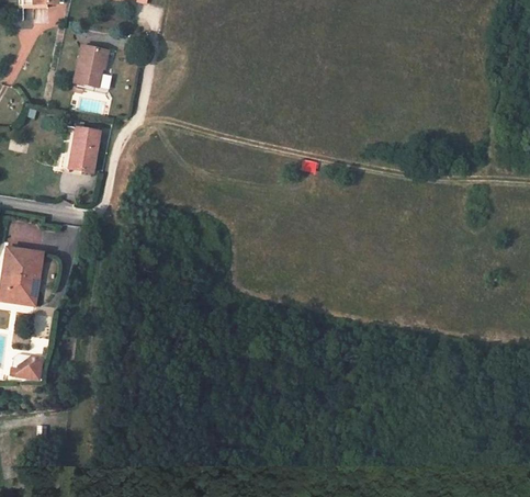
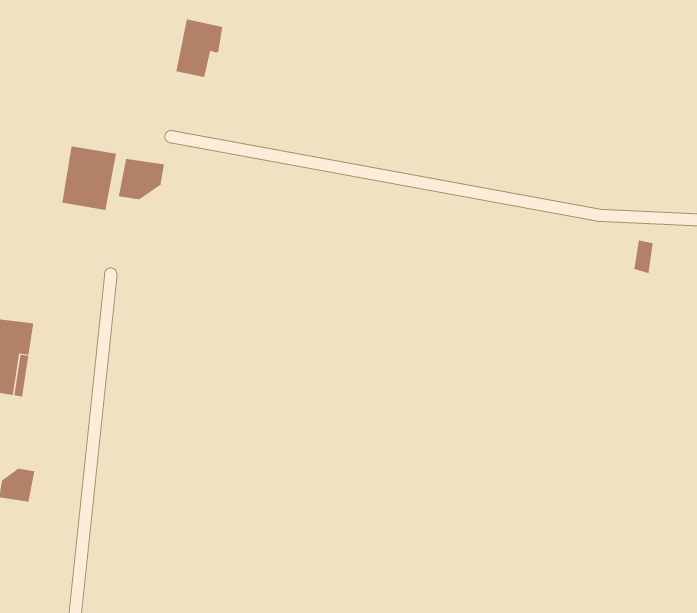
building: [75,45,109,87] -> [176,19,223,78]
building: none -> [118,158,165,200]

